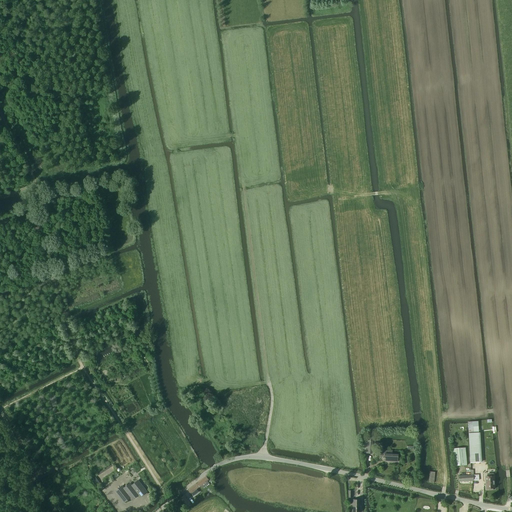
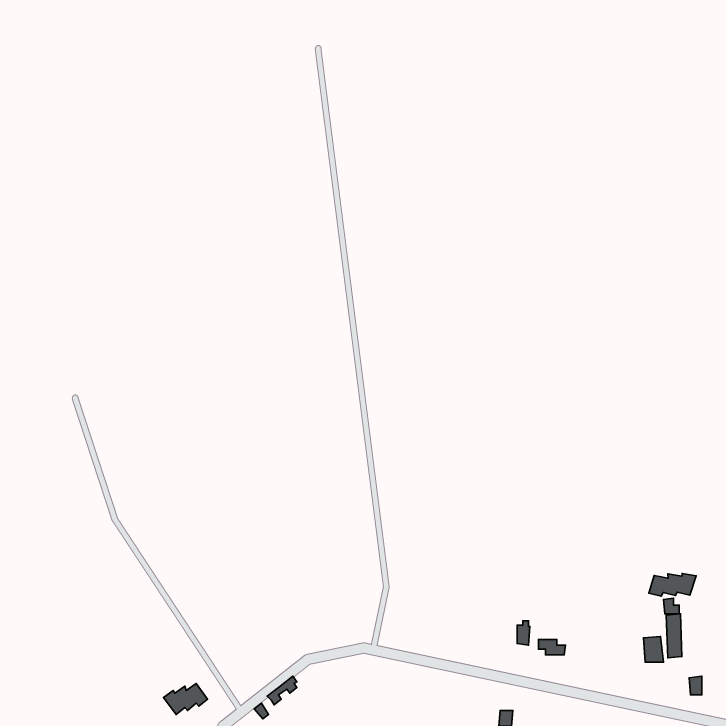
building: none -> [649,573,696,596]

